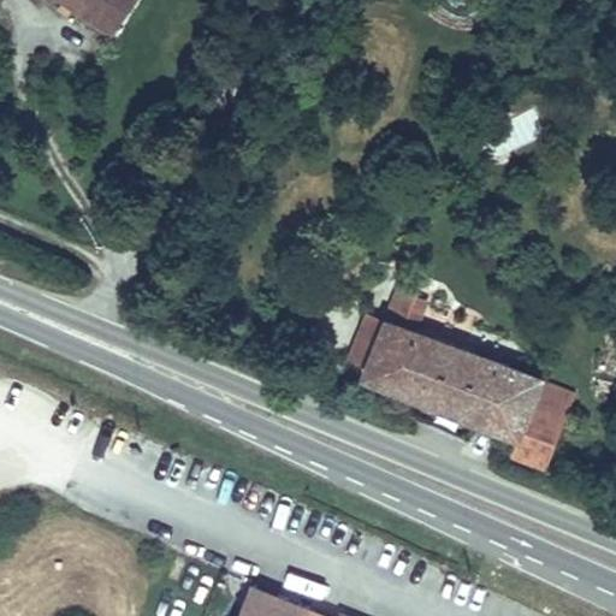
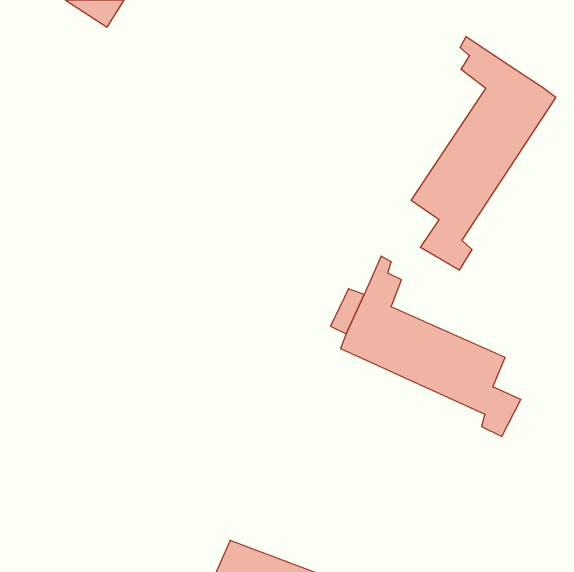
building: none -> [411,36,556,270]
building: [526,386,569,431] -> none

